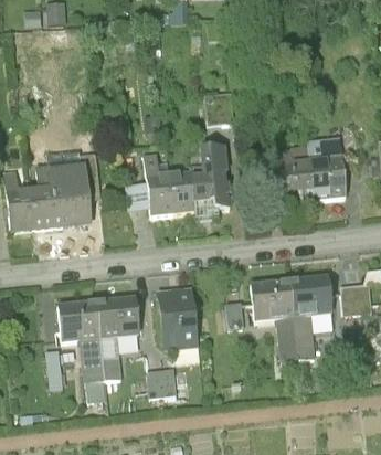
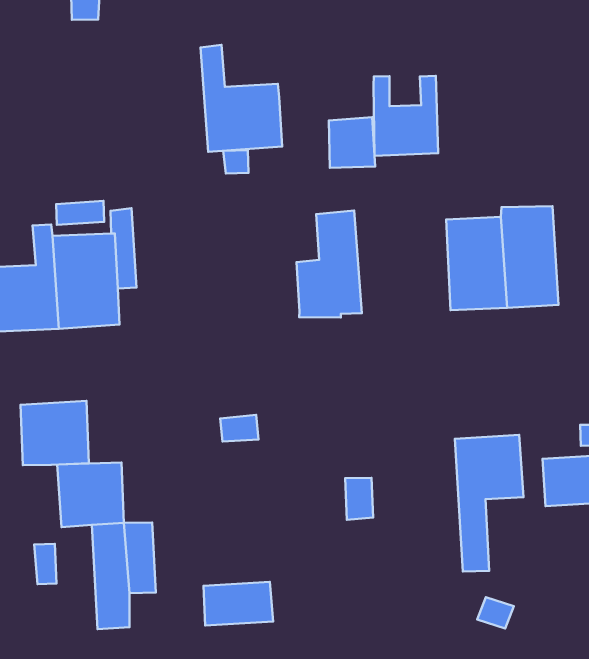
building: none -> [373,76,438,156]
building: [144,150,194,213] -> [201,45,282,152]
building: [252,277,298,357] -> none
building: [158,292,194,349] -> none
building: [95,297,137,337] -> [20,401,89,465]

